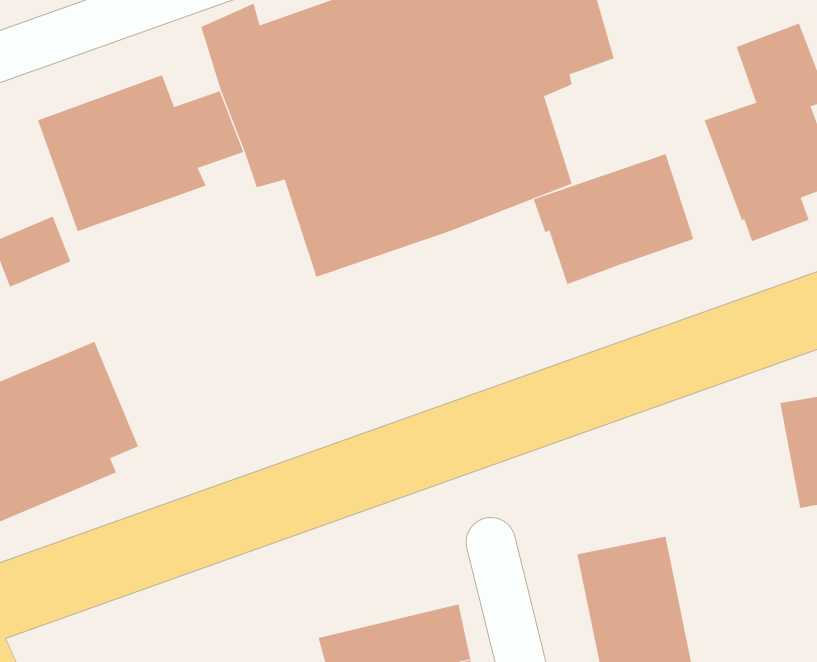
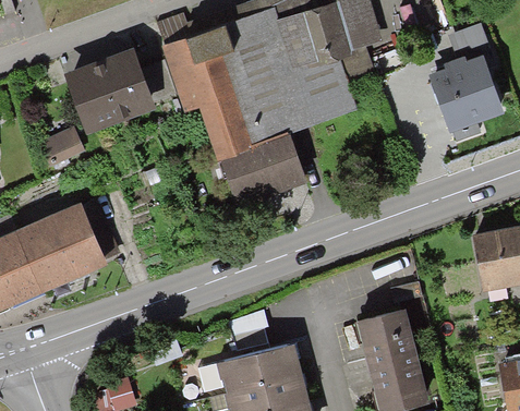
building: [533,154,694,285] -> [217,137,305,209]

